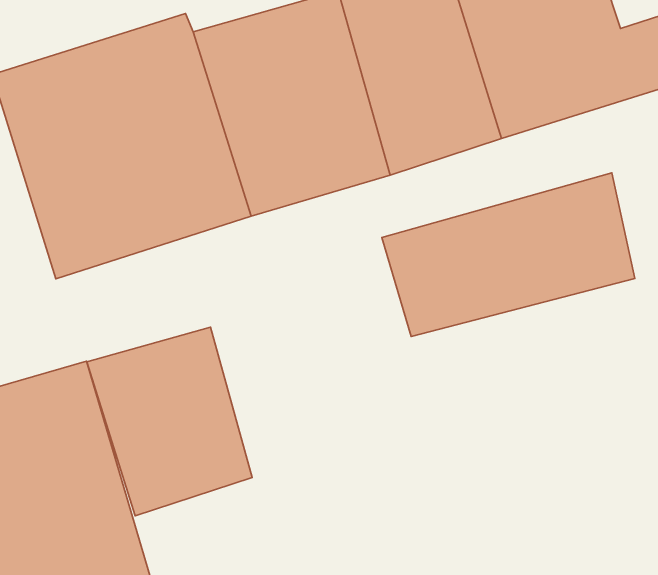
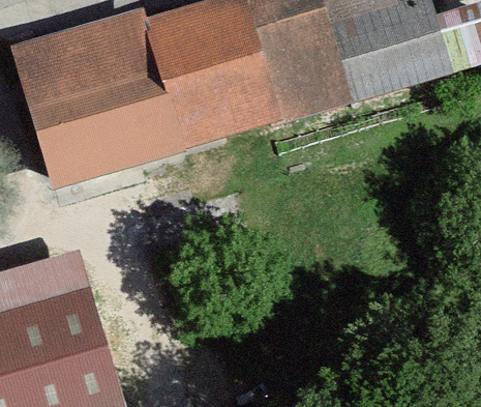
building: [382,173,635,336] -> none
building: [87,327,252,516] -> none

